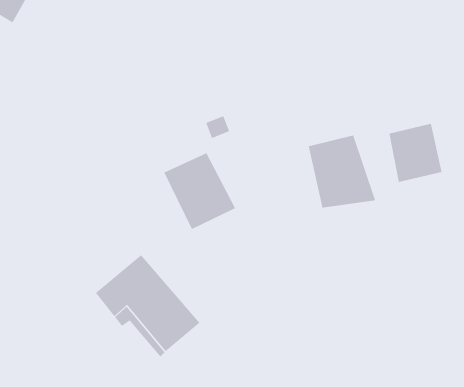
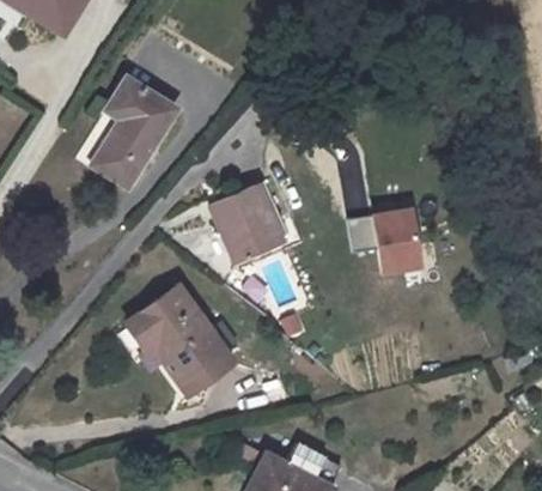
building: none -> [93,80,176,188]
building: [388,123,442,183] -> none

